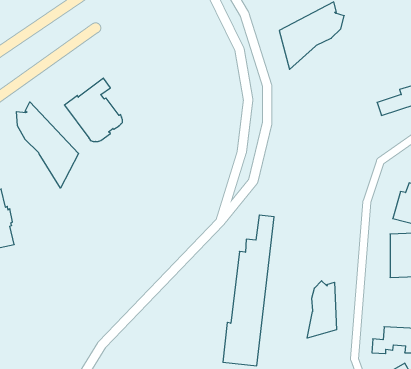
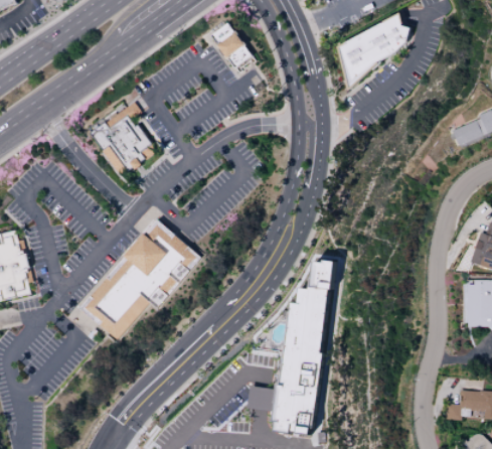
building: none -> [211,21,254,68]
building: [17,102,79,188] -> none
building: none -> [78,217,202,339]
building: [307,281,336,338] -> none

